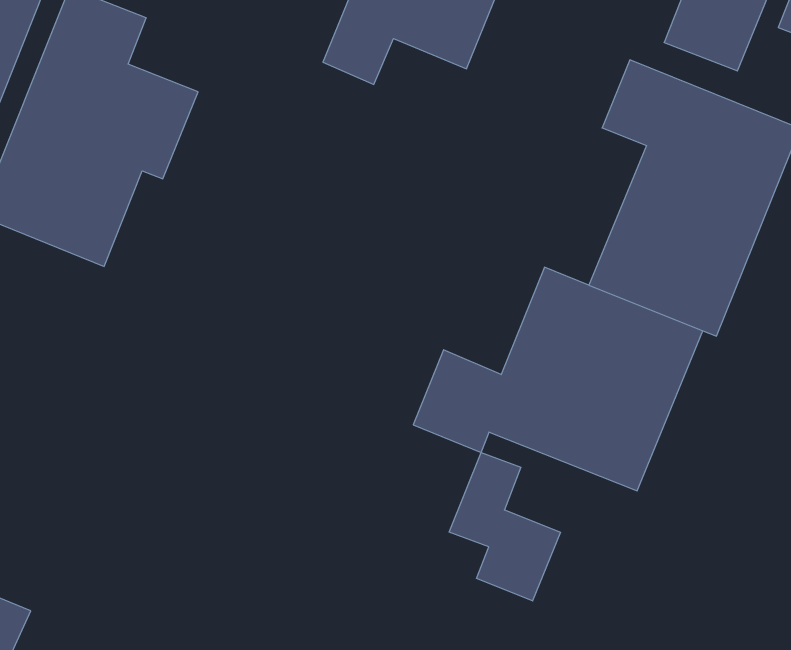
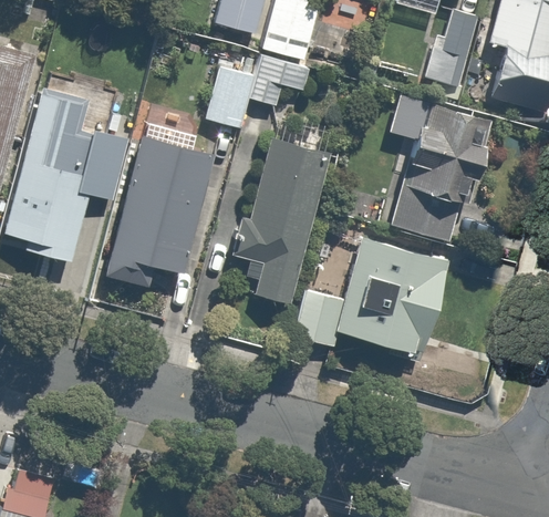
building: none -> [103,139,222,282]
building: none -> [229,134,327,300]
building: [449,452,560,601] -> none

